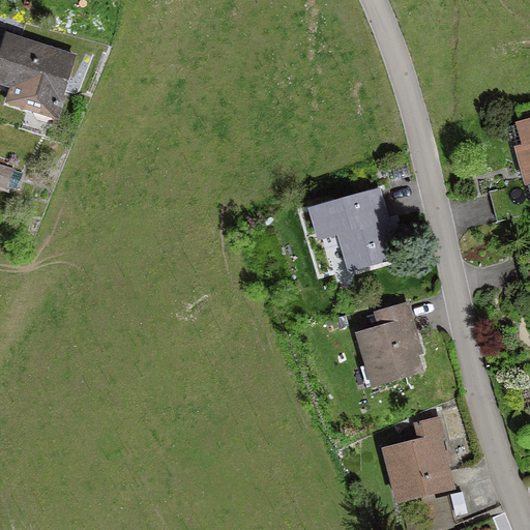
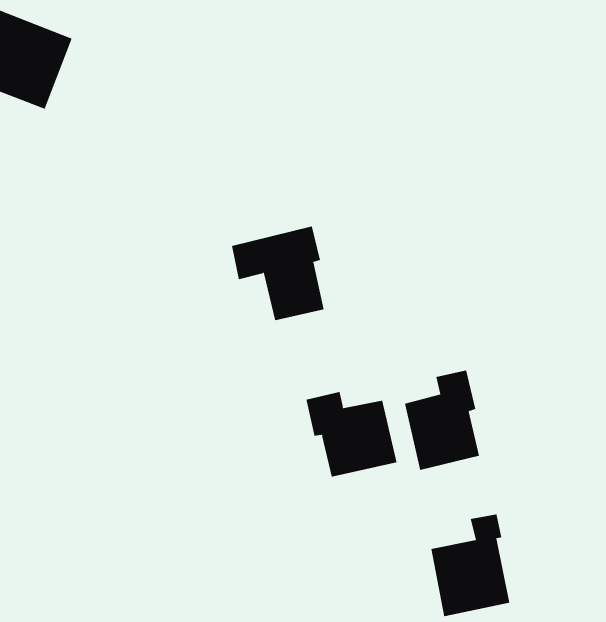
building: [312,189,389,267] -> [231,226,324,321]
building: none -> [306,391,397,478]

